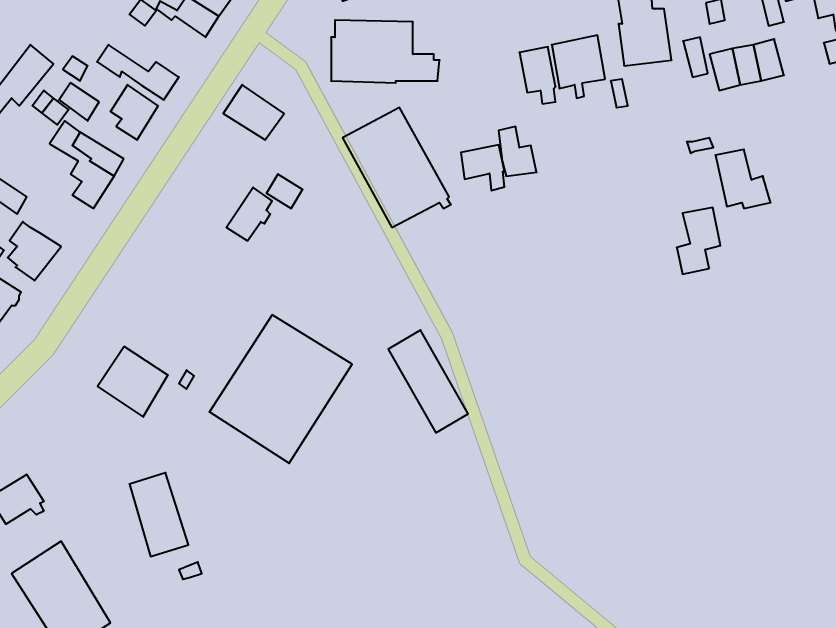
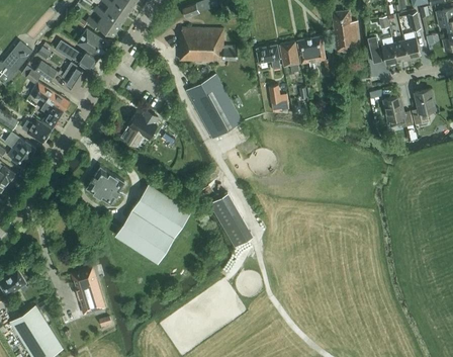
building: [223,85,284,140] -> [76,27,108,57]
building: [461,145,505,191] -> [256,44,279,69]
building: none -> [21,118,52,143]
building: [677,208,720,274] -> [411,89,434,124]
building: [98,347,168,417] -> [86,166,123,203]

